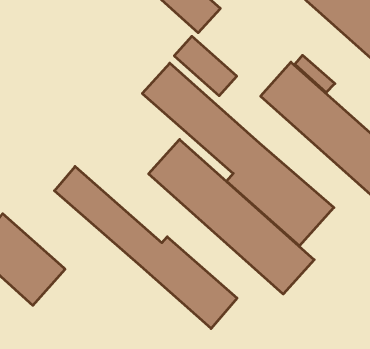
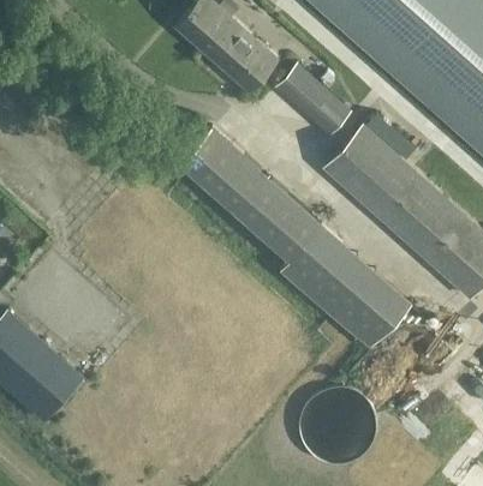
building: [174,36,237,96] -> [274,65,351,138]
building: [149,139,314,294] -> none
building: [54,166,237,329] -> none

